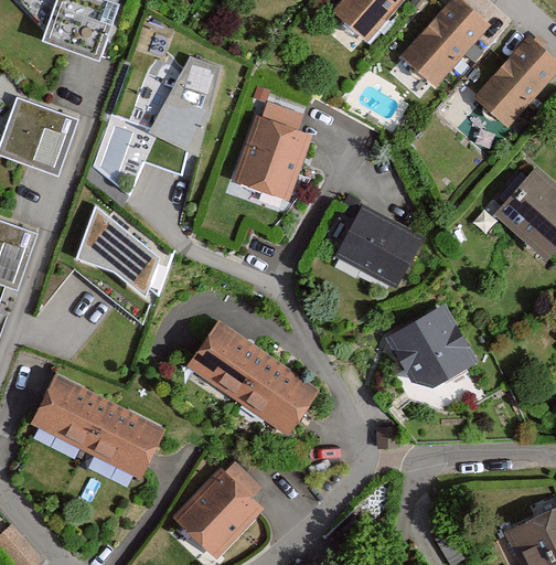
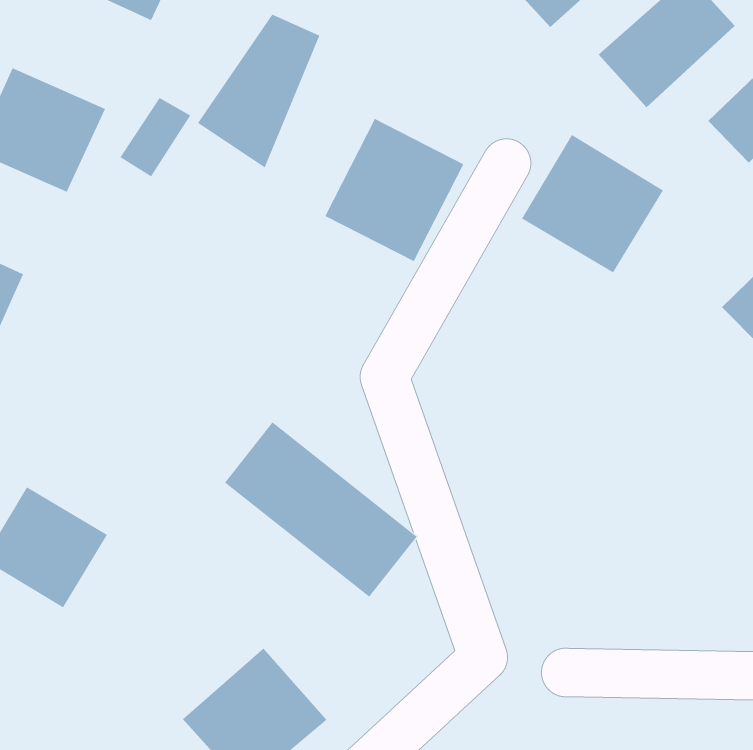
building: [334,204,426,292] -> [521,134,664,273]
building: [79,212,162,271] -> none
building: [382,291,482,383] -> none
building: [84,403,163,480] -> none

